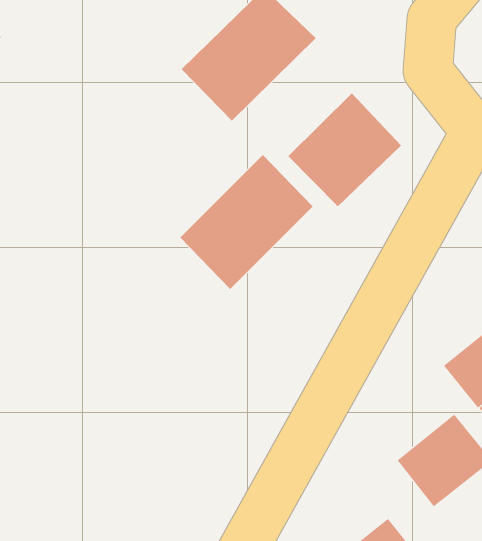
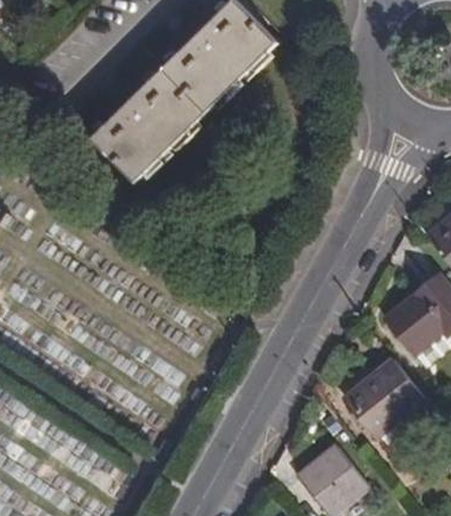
building: [288,93,402,207] -> none
building: [180,154,313,290] -> [93,68,206,182]

